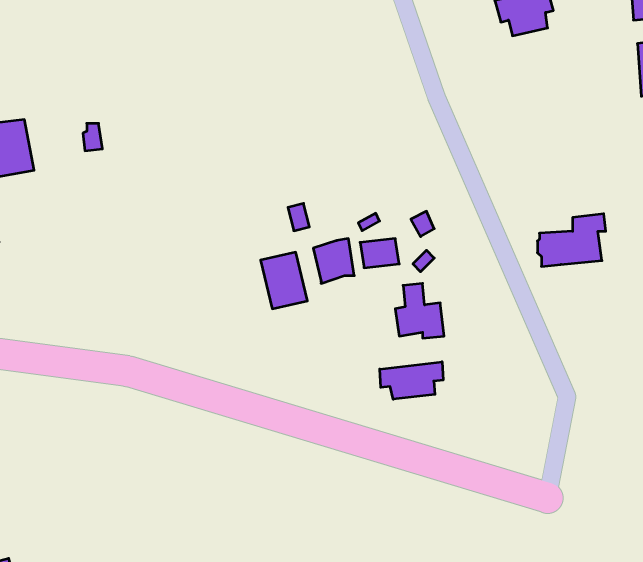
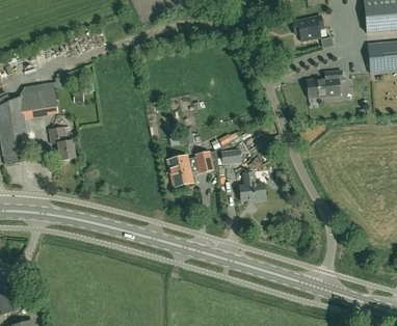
building: none -> [49,127,75,160]
building: [537,214,606,266] -> [306,70,342,98]
building: [380,362,443,399] -> none

